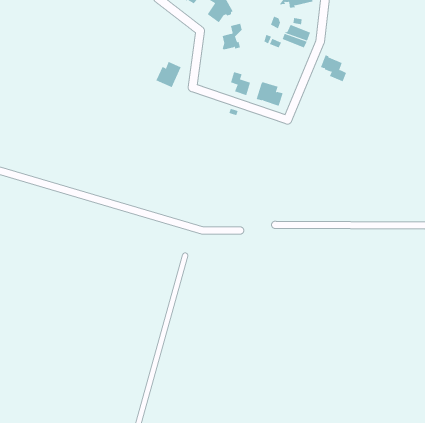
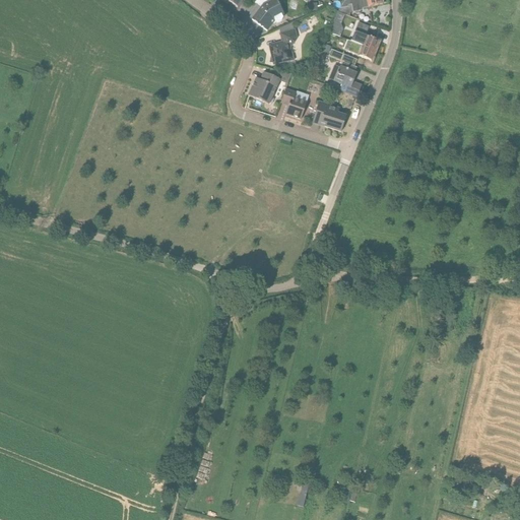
building: [320,55,347,82] -> [329,62,362,95]
building: [156,61,181,88] -> [249,70,280,103]

